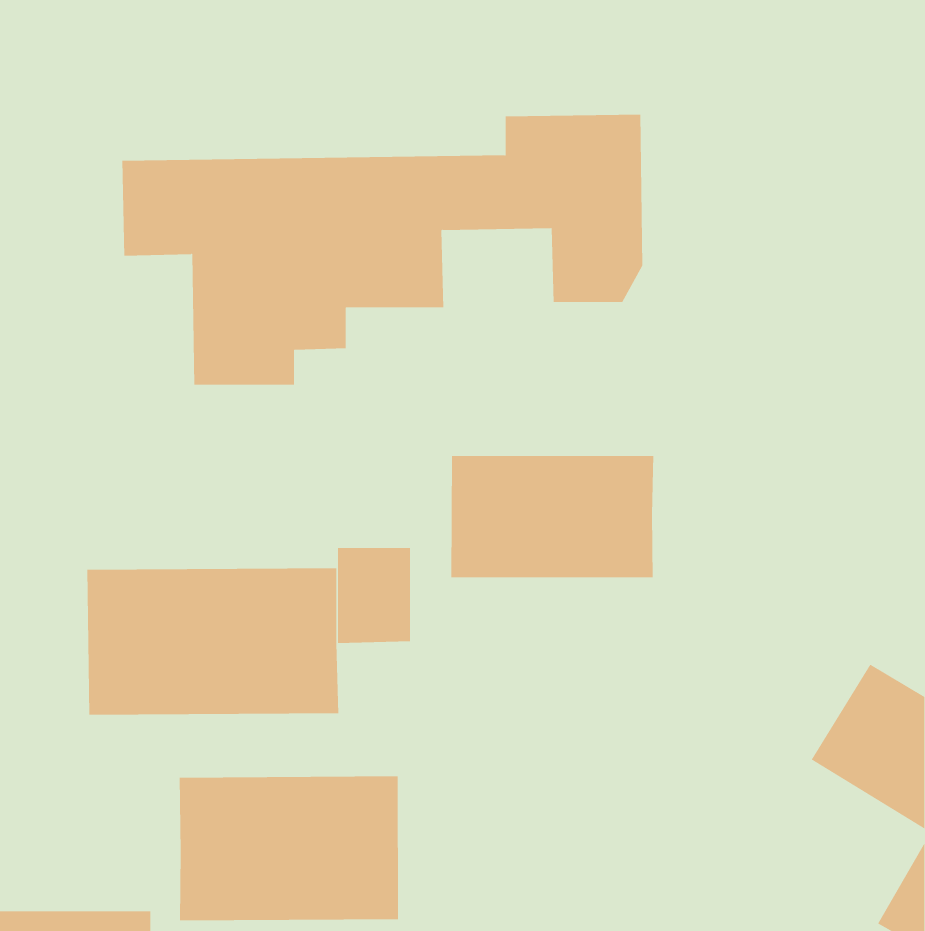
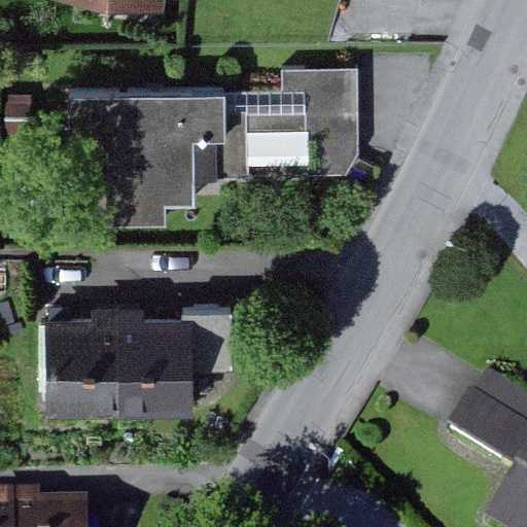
building: [451,455,654,578] -> none
building: [179,776,399,921] -> none

